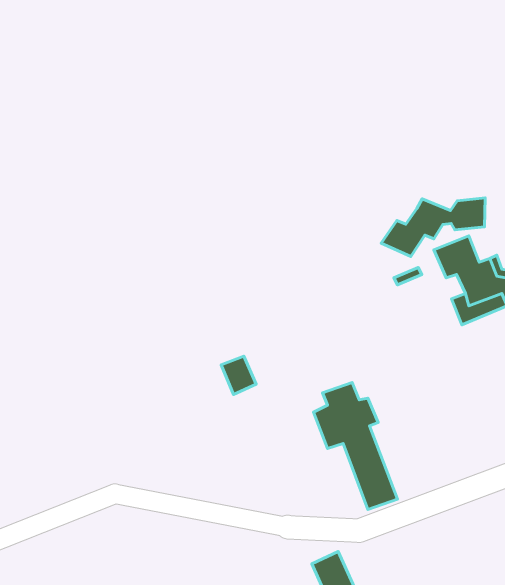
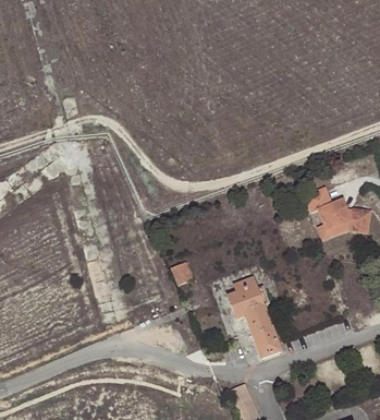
building: [381,198,485,256] -> none

